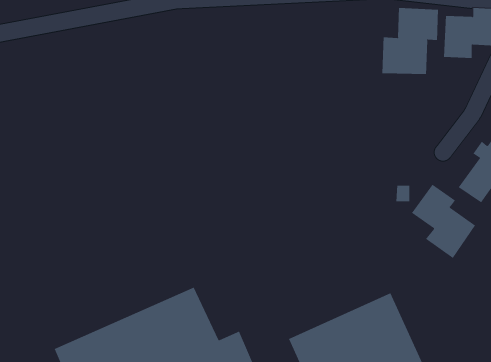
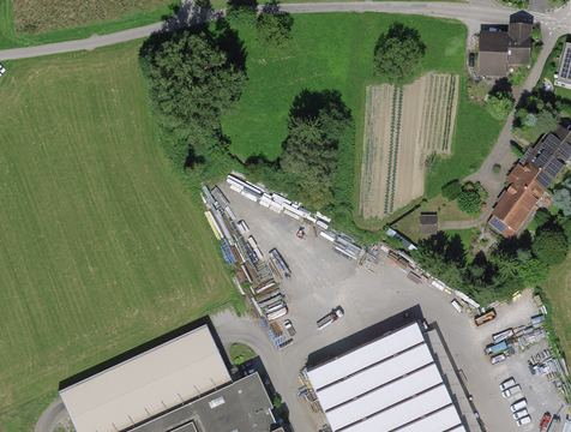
building: [382,7,439,75] -> none
building: [411,184,476,259] -> none

